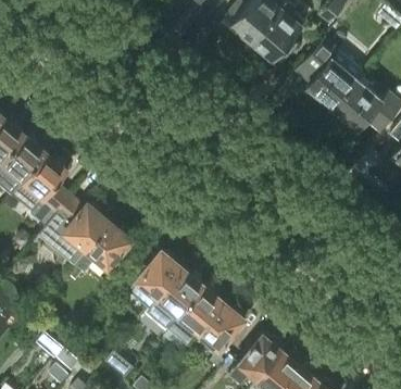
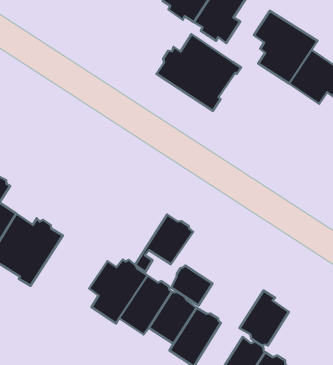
building: none -> [156,34,241,111]
building: [75,223,131,273] -> [135,214,193,272]
building: none -> [171,266,212,305]
building: none -> [239,291,289,345]

